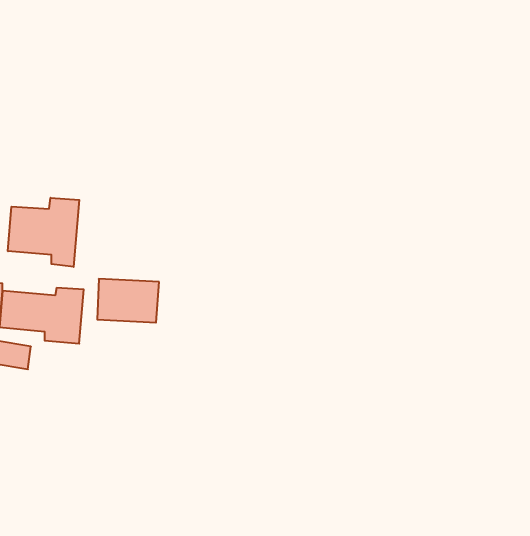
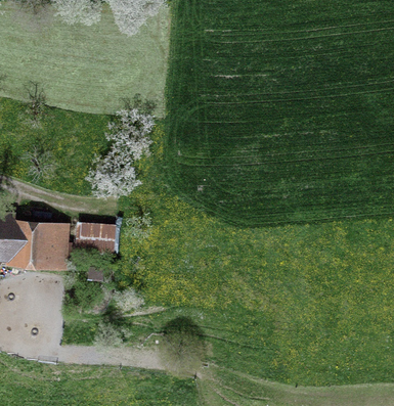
building: [8,198,79,267] -> none

